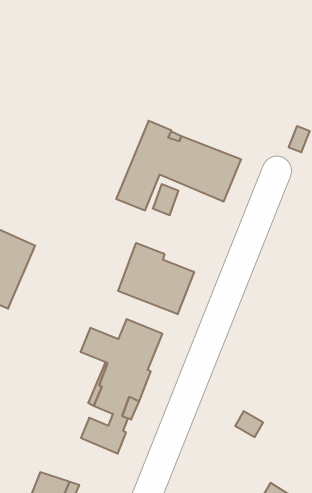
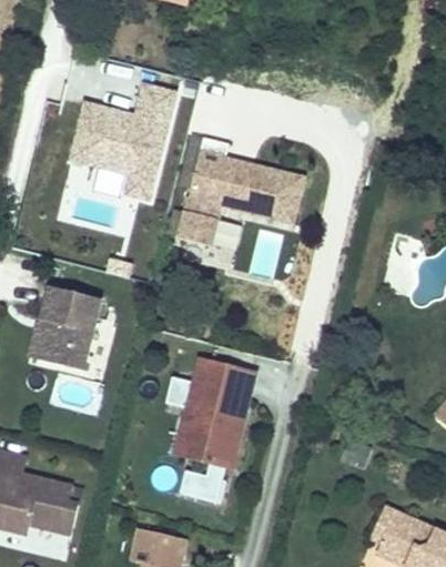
building: none -> [70,78,182,196]
building: [118,243,194,314] -> none

